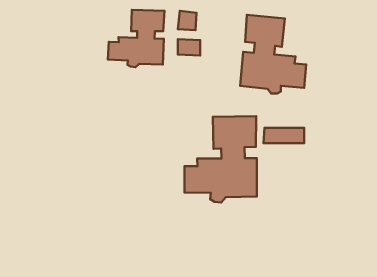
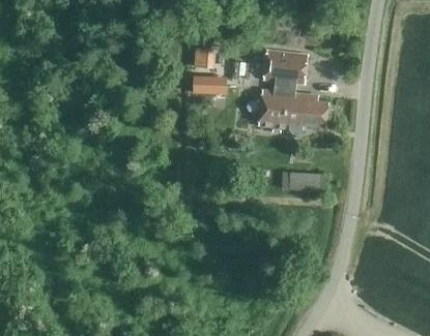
building: [108,10,164,67] -> none
building: [184,116,257,202] -> none

